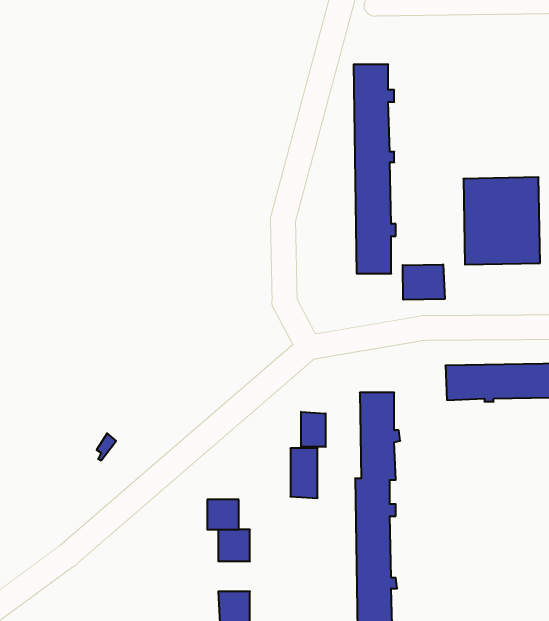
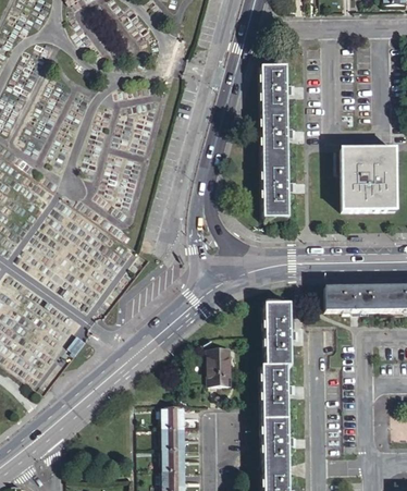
building: [403,264,445,300] -> none
building: [301,412,326,447] -> none
building: [207,500,239,530] -> [162,426,185,447]

